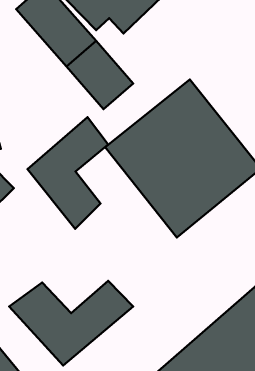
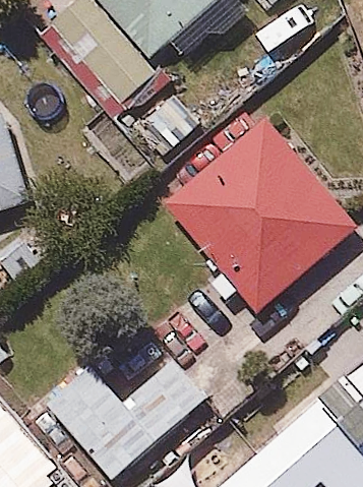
building: [28,117,108,229] -> none

